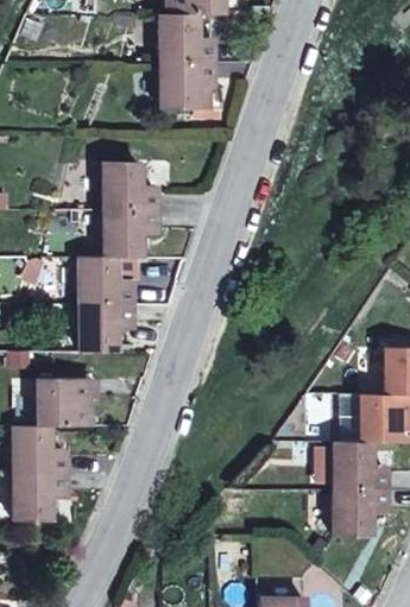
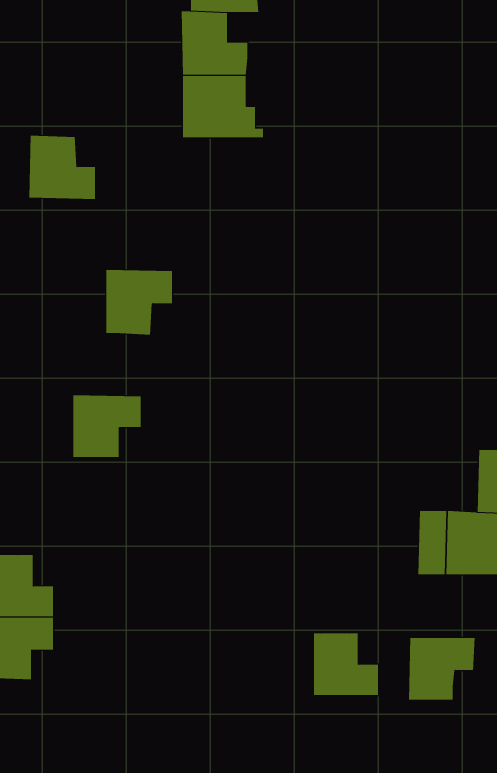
building: [103,162,154,210] -> [28,135,96,199]
building: [78,257,131,305] -> none
building: [37,378,94,426] -> none
building: [334,441,384,488] -> [313,633,379,696]

